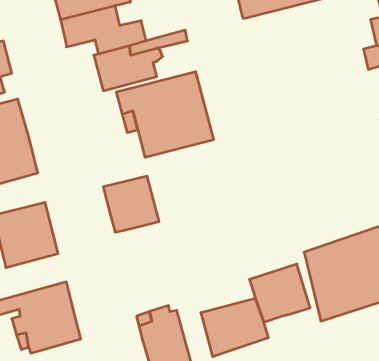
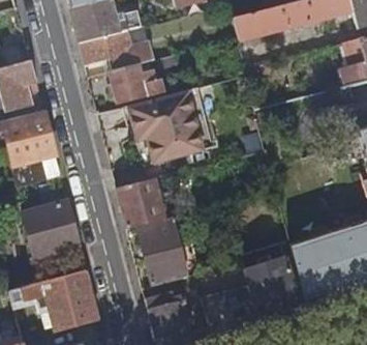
building: none -> [136,215,188,284]

